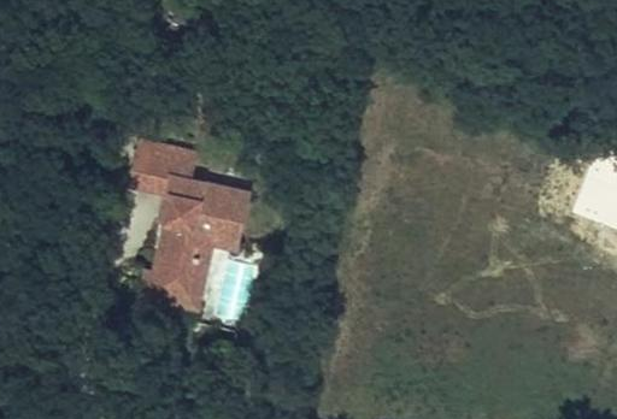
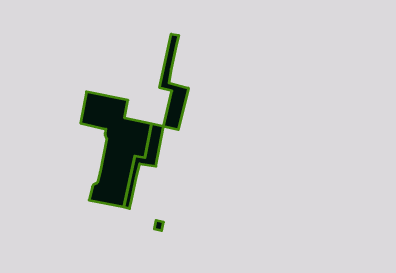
building: none -> [160,34,188,130]

